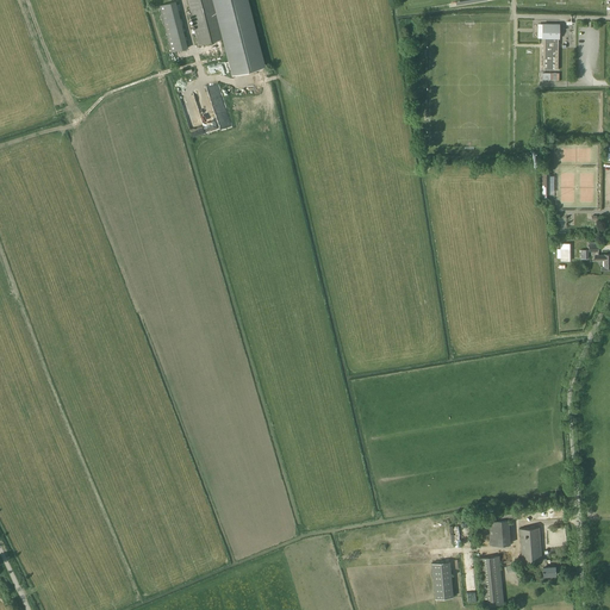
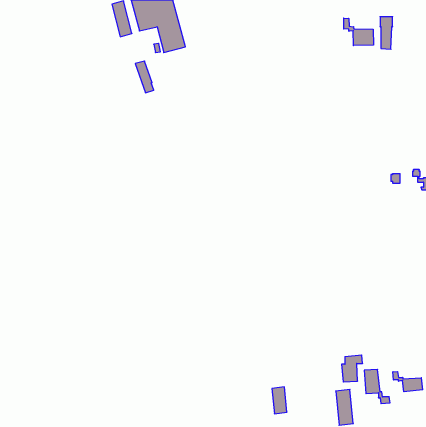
building: none -> [344,18,373,46]
building: none -> [393,372,423,392]
building: [432,561,454,599] -> [272,387,287,414]

